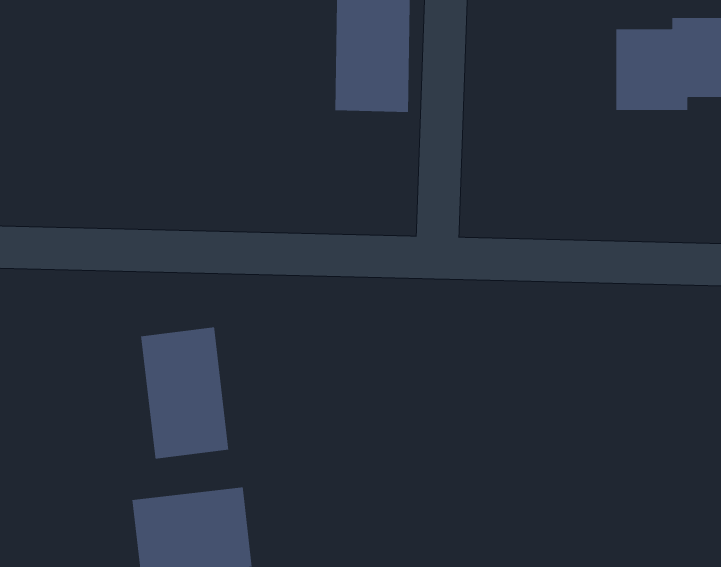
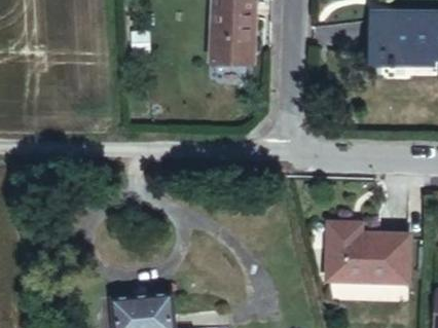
building: [141,326,229,460] -> none
building: none -> [332,220,410,281]

